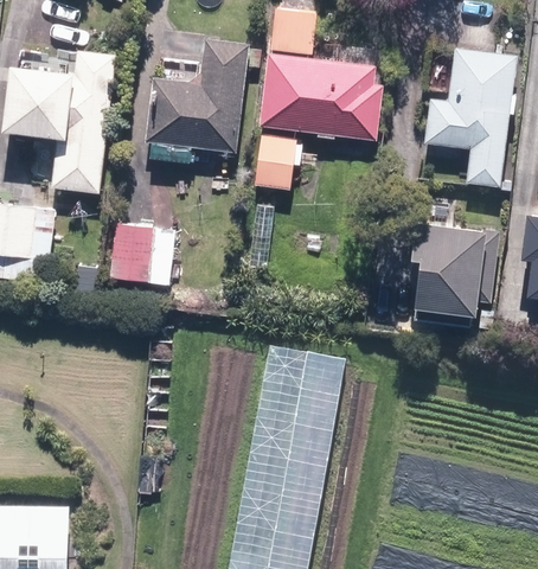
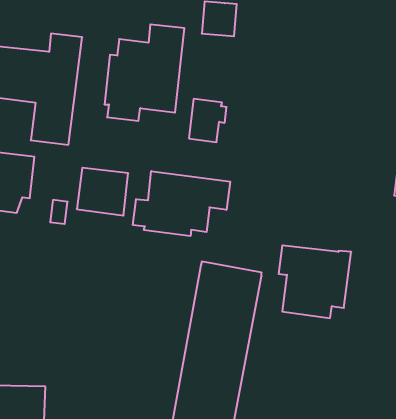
building: [421,49,515,188] -> none
building: [258,53,383,141] -> none
building: [405,223,499,317] -> [279,245,351,318]
building: none -> [133,171,230,236]

